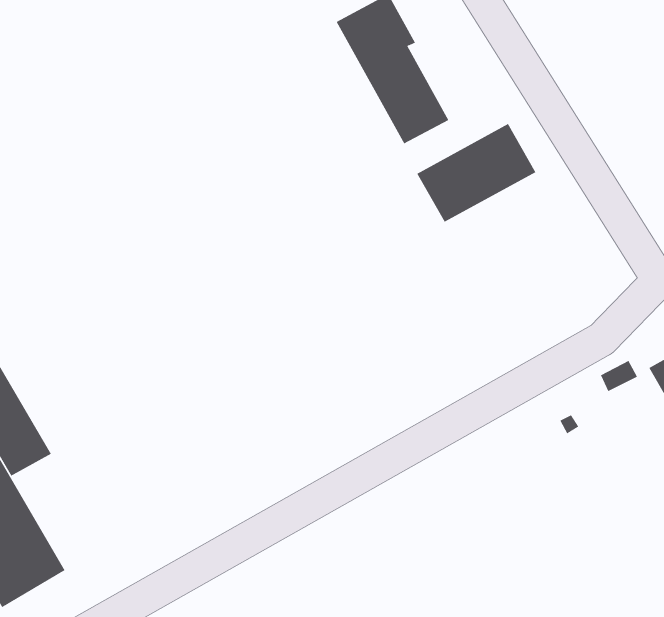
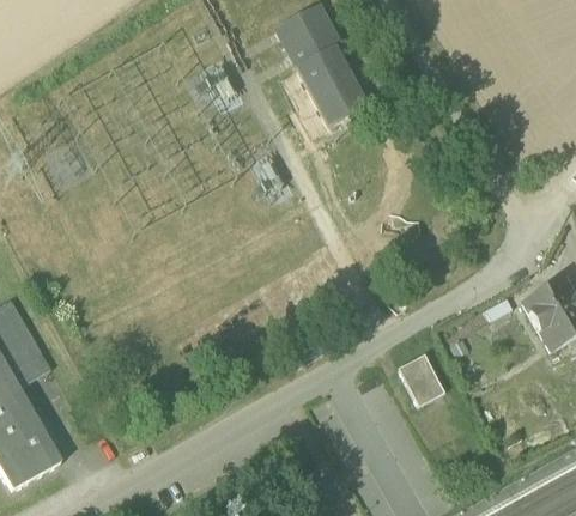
building: [416,123,536,223] -> none
building: none -> [399,352,445,405]

